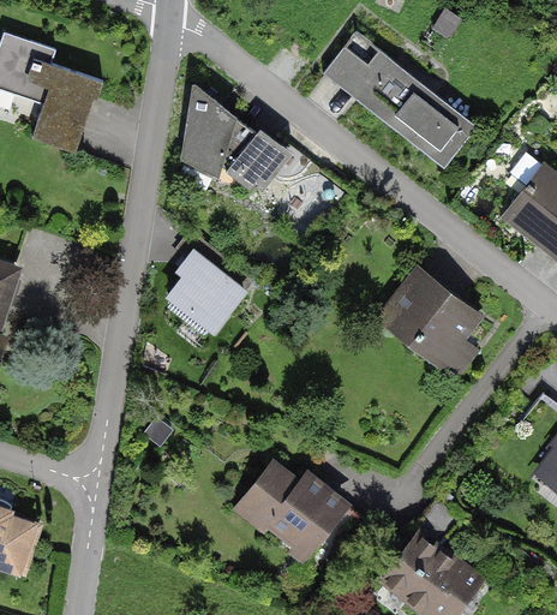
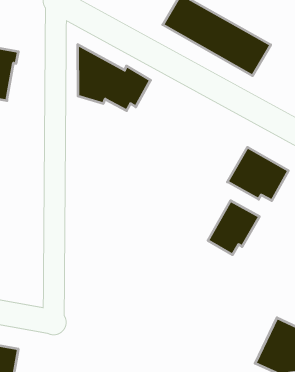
building: [163,258,252,346] -> none
building: none -> [208,201,259,255]
building: [229,452,353,573] -> none

